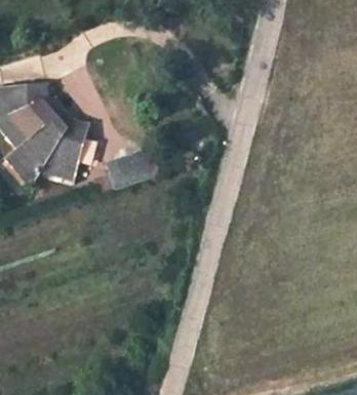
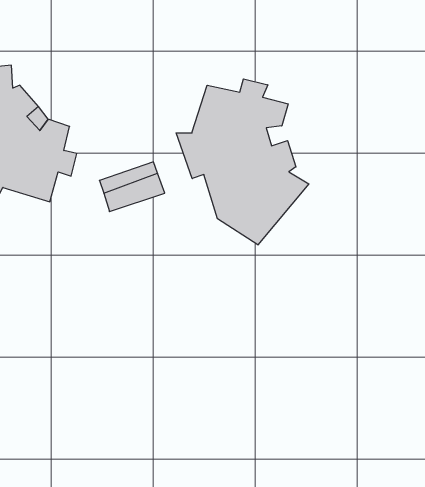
building: none -> [176,79,309,245]

